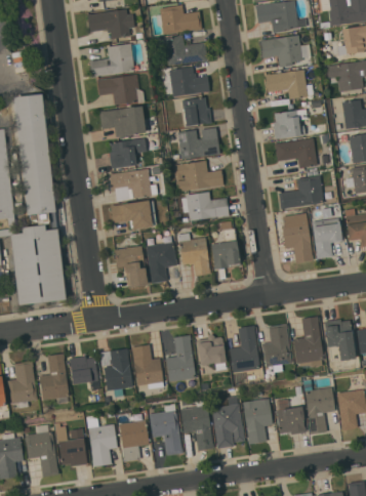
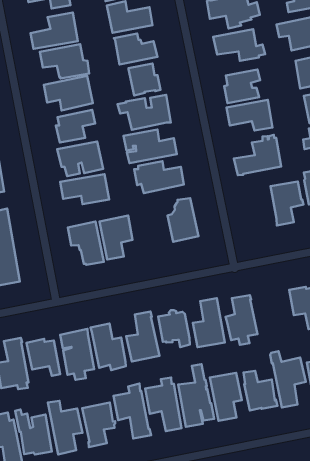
building: [282,214,313,262] -> none
building: [177,228,210,276] -> none
building: [293,317,323,369] -> none

